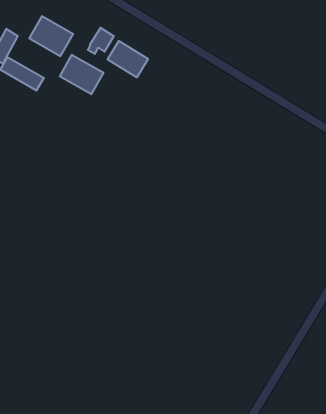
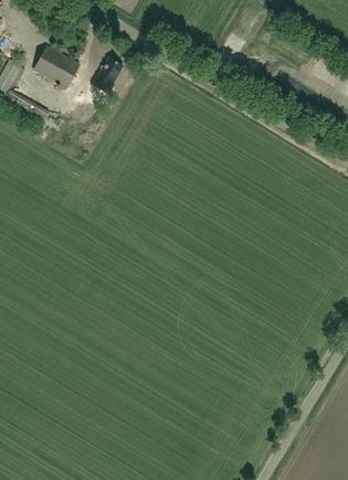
building: [108,41,148,77] -> none
building: [60,55,103,94] -> none

